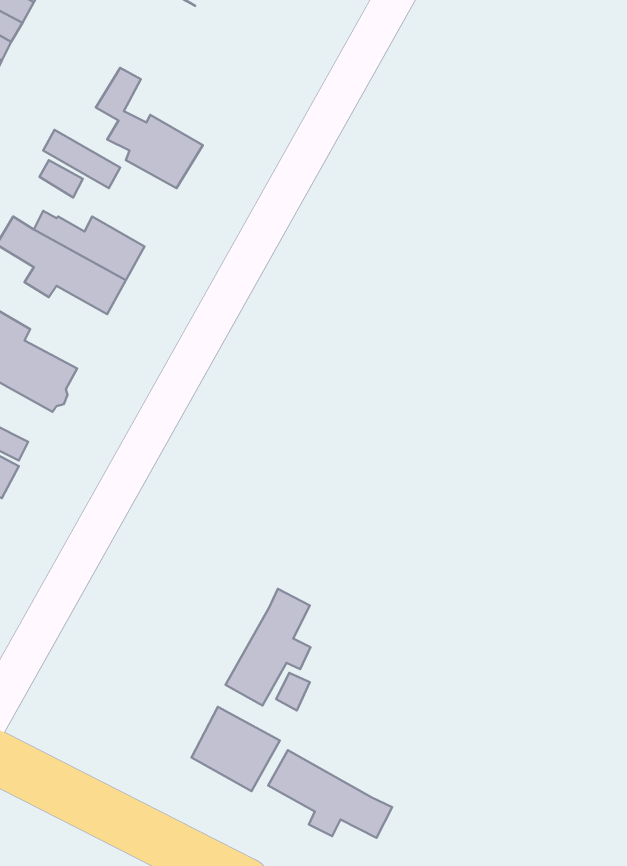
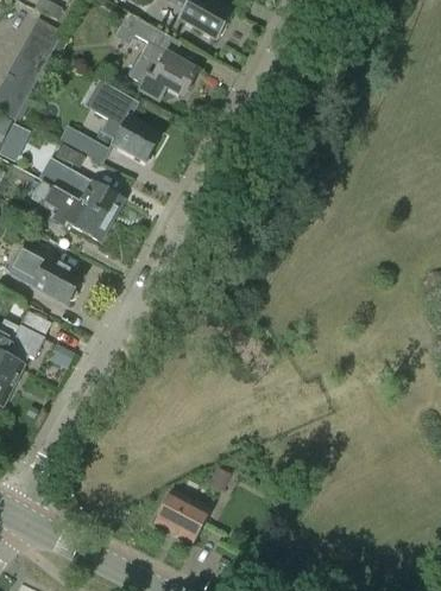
building: none -> [128,53,197,100]
building: [225,589,311,706] -> none
building: [268,750,392,838] -> none

